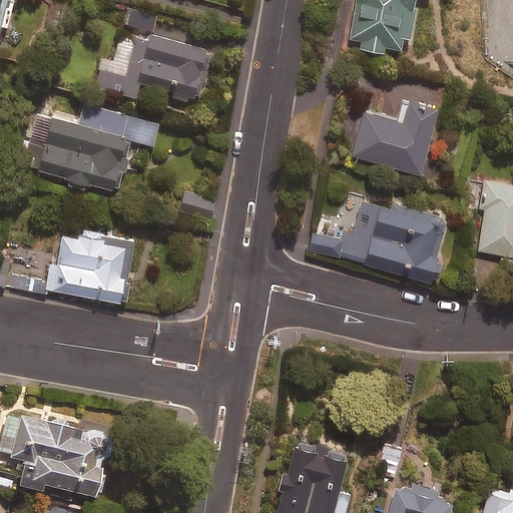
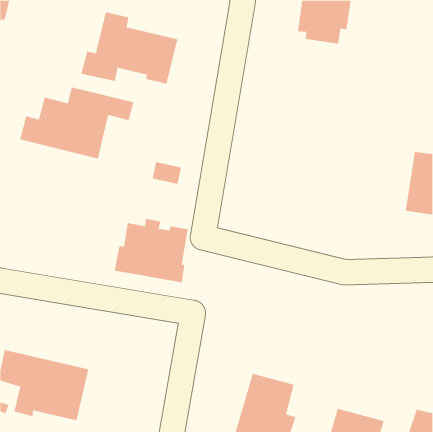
building: [351,94,443,176] -> none
building: [308,198,447,283] -> none
building: [45,227,133,304] -> [114,218,188,283]

